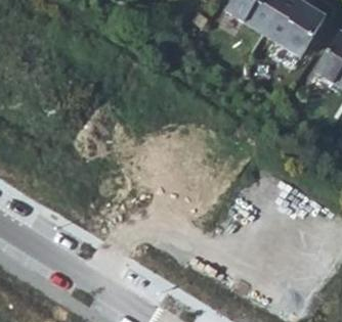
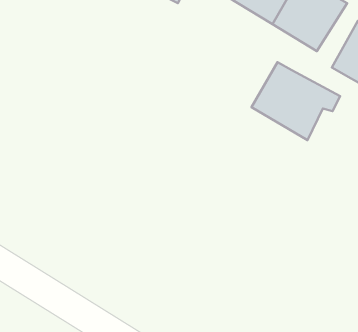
building: none -> [252,62,340,140]

